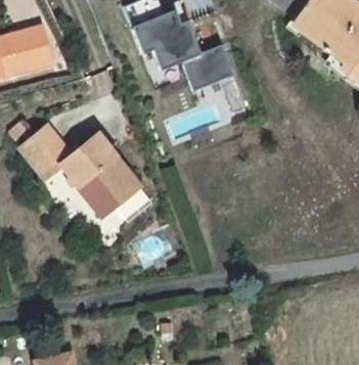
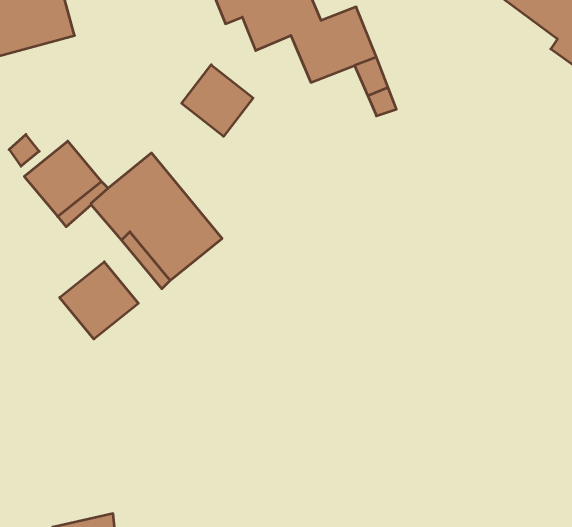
building: none -> [182,65,253,136]
building: none -> [60,262,138,339]

